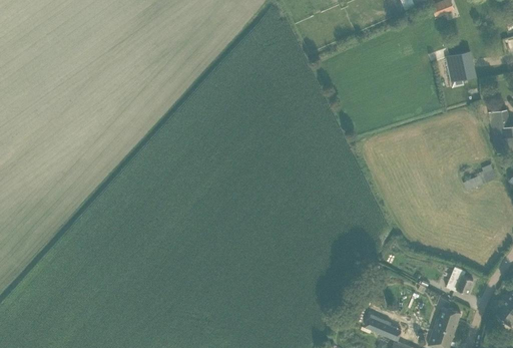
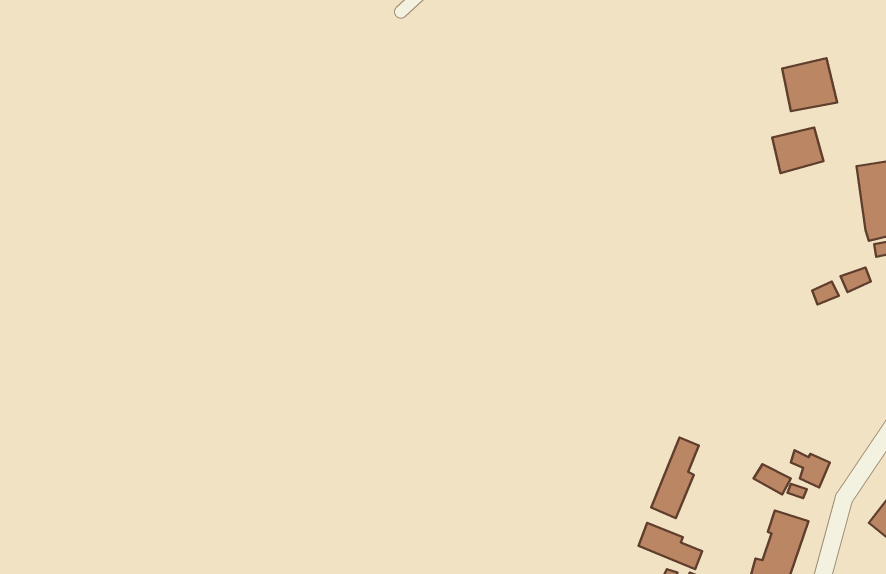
building: none -> [772,127,824,173]
building: none -> [651,438,699,518]

